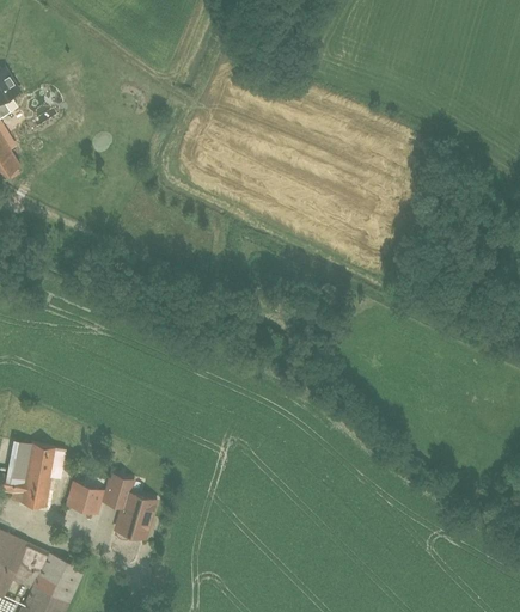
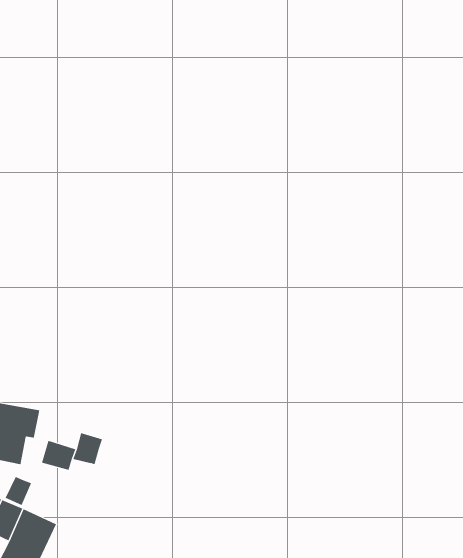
building: [115,492,157,540] -> none
building: none -> [5,476,32,506]

